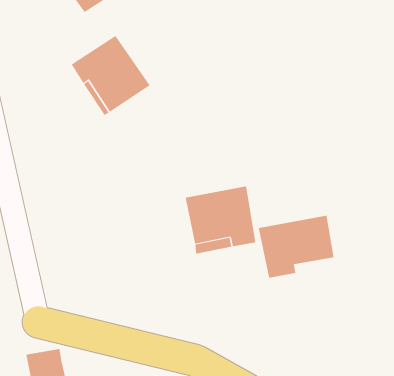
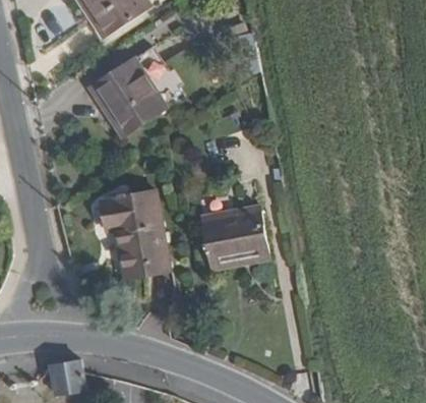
building: none -> [101,188,170,278]
building: [258,215,334,279] -> none

